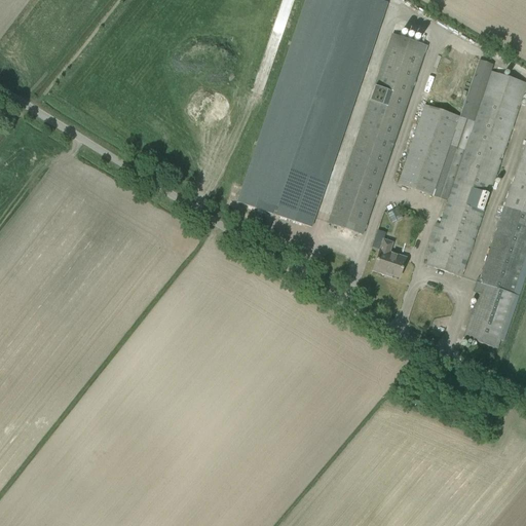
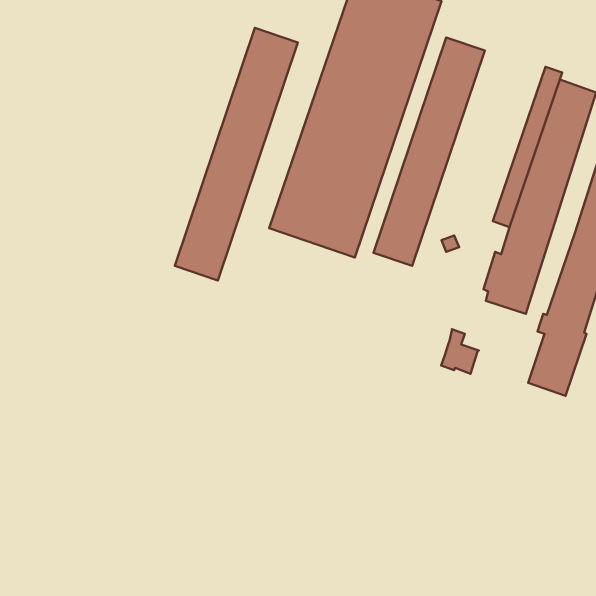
building: none -> [175,28,298,280]
building: [400,104,461,194] -> none
building: [375,237,408,276] -> [441,329,479,374]

